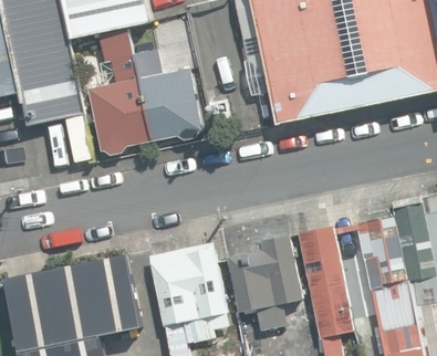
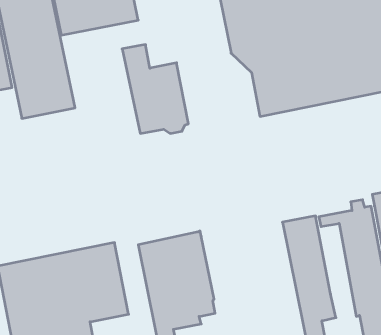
building: [87,28,153,155] -> none
building: [228,235,303,329] -> none

